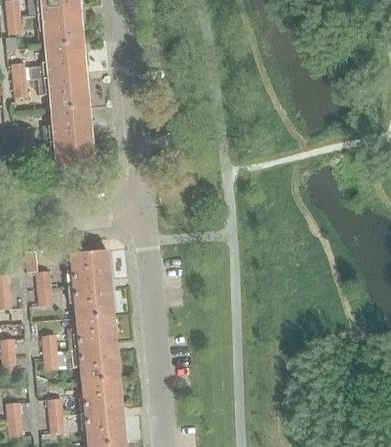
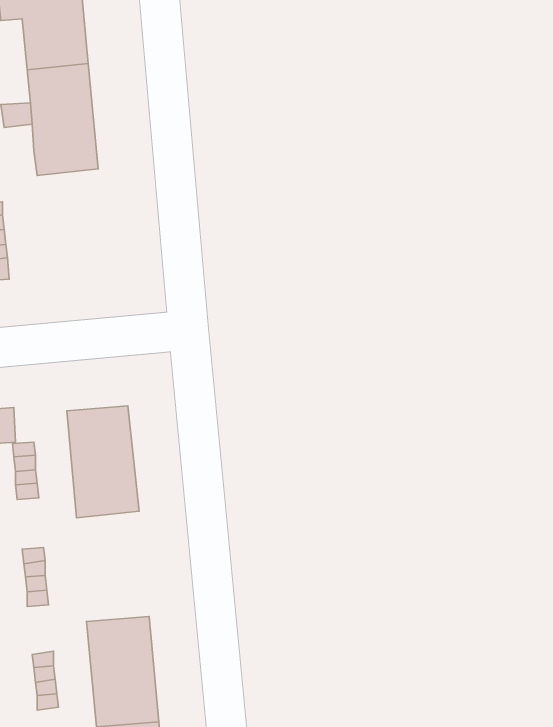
building: [43,105,94,173] -> none
building: [68,313,119,380] -> none

